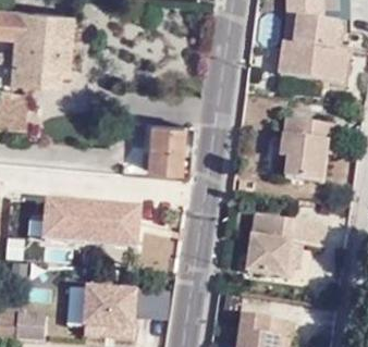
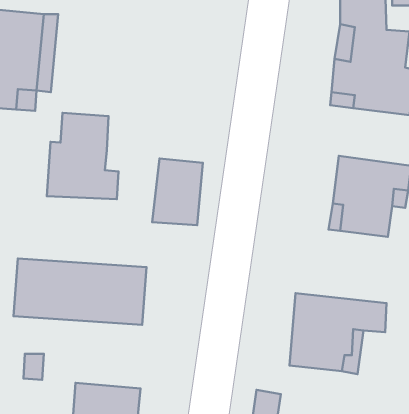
building: none -> [47,113,119,199]

